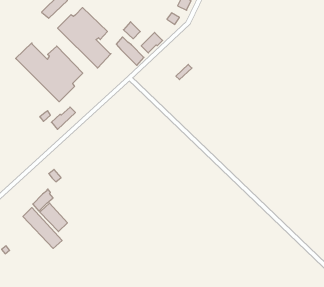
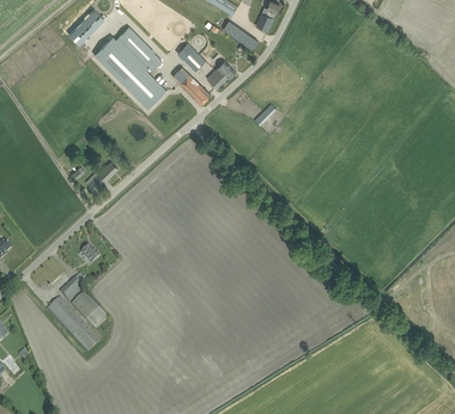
building: [16,43,83,102] -> none

